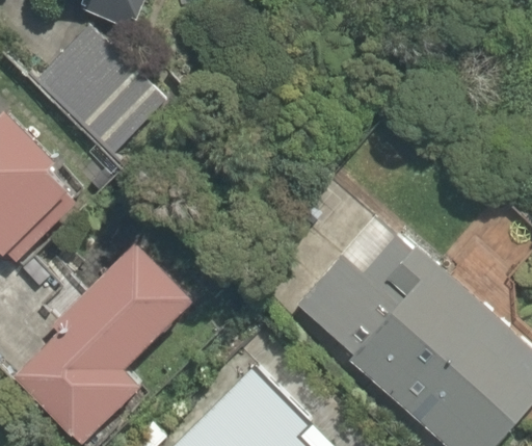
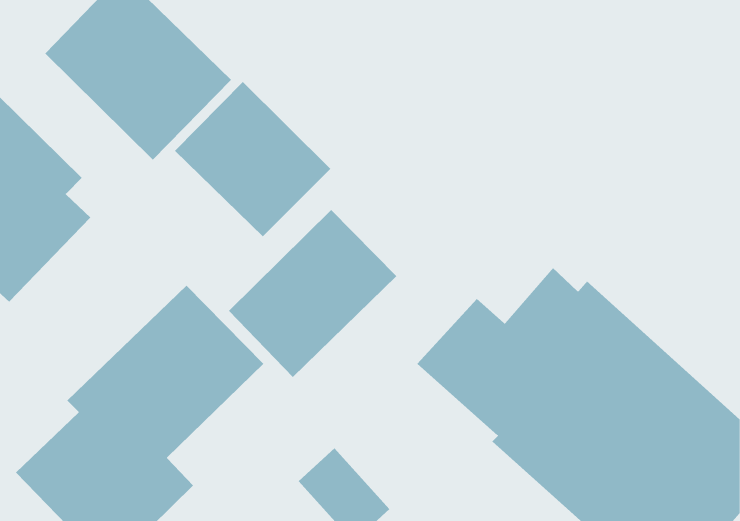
building: none -> [174,81,331,237]
building: none -> [228,209,397,378]

